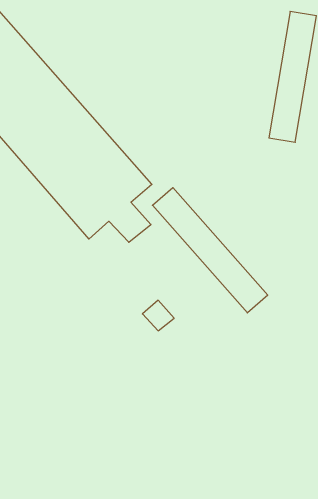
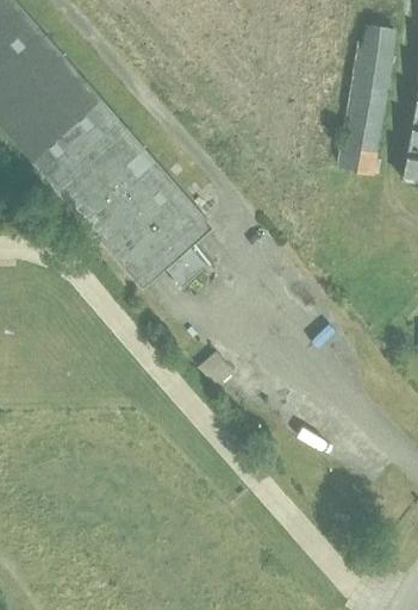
building: [152,188,268,313] -> none

